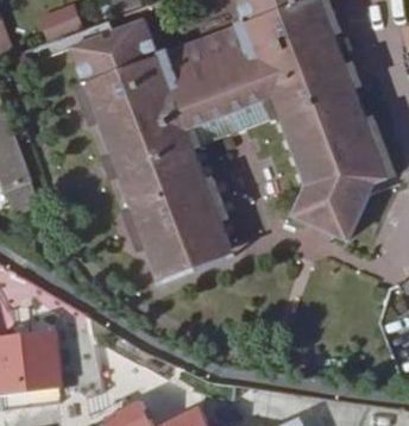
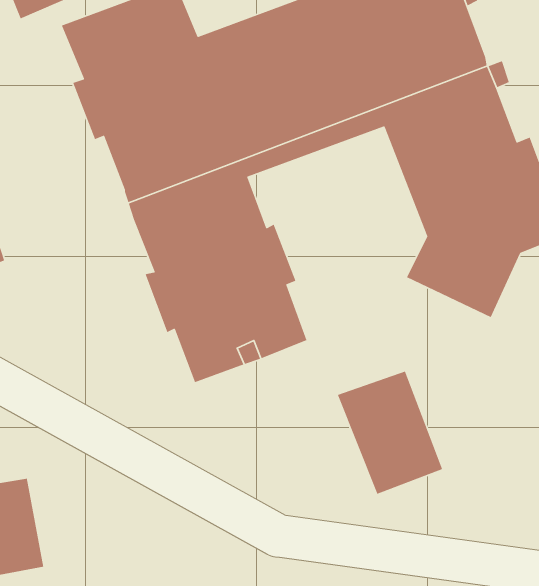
building: none -> [337,370,443,495]

